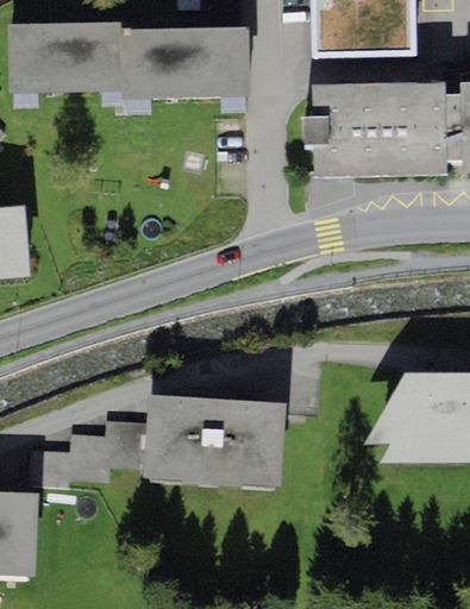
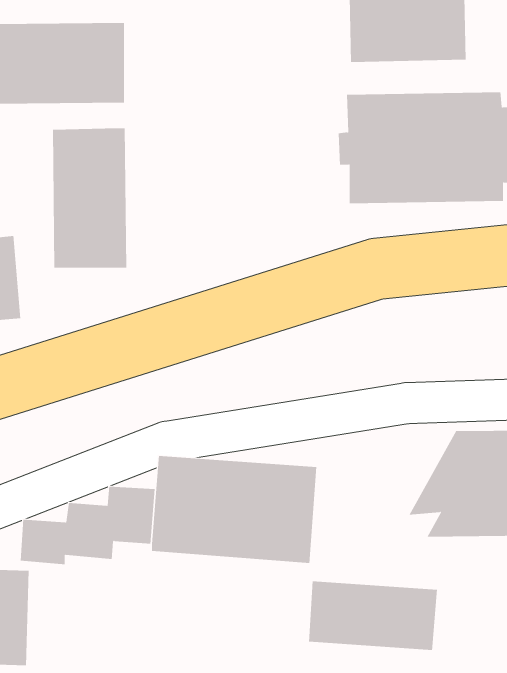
building: [120,26,249,99] -> none
building: none -> [52,127,127,268]
building: none -> [309,580,438,651]

